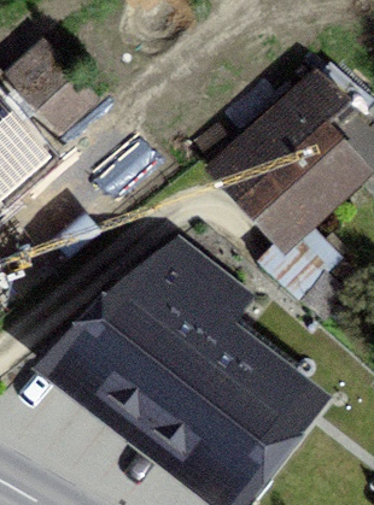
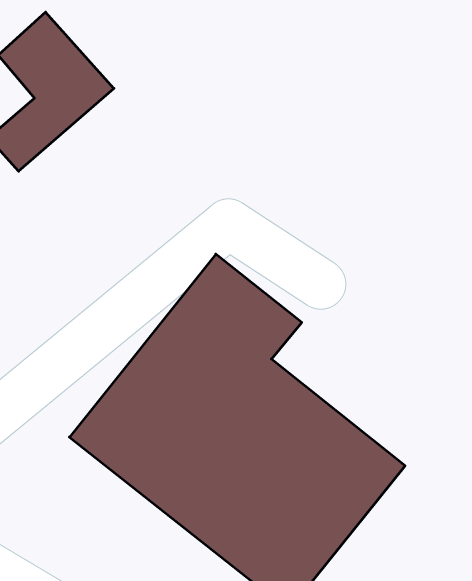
building: [221,75,352,234] -> none

